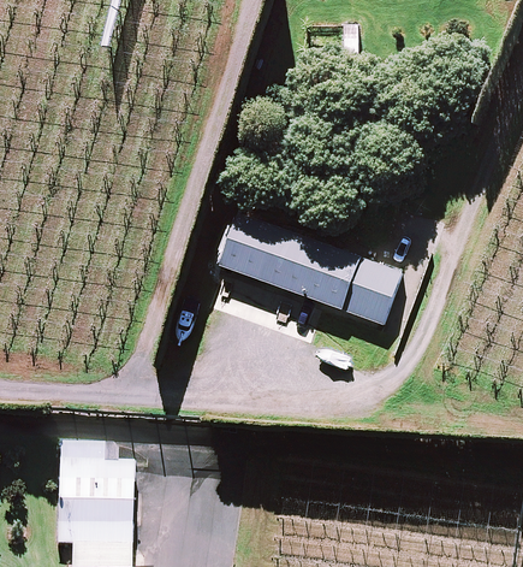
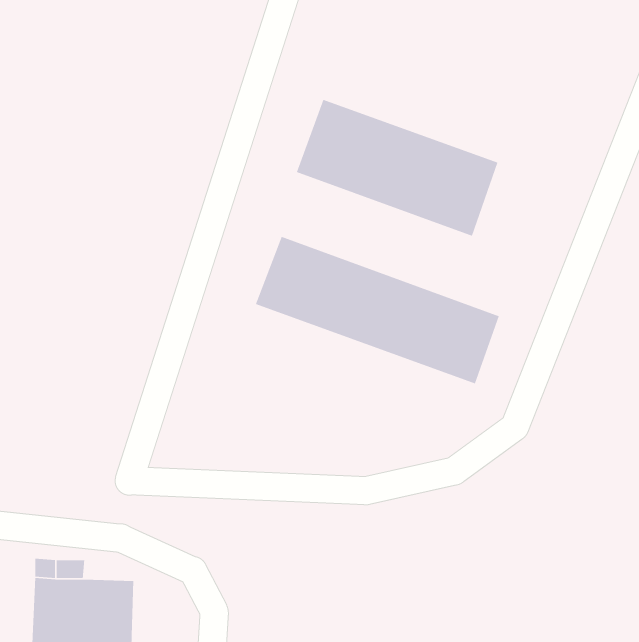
building: none -> [296,99,499,237]

